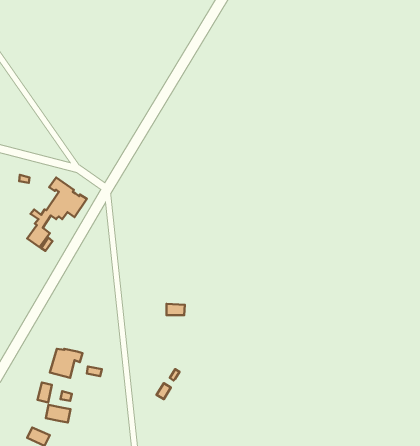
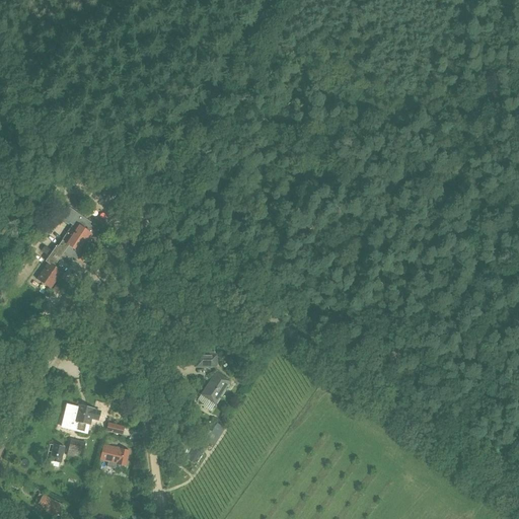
building: none -> [202,370,230,401]
building: [46,405,70,422] -> [100,446,129,466]

